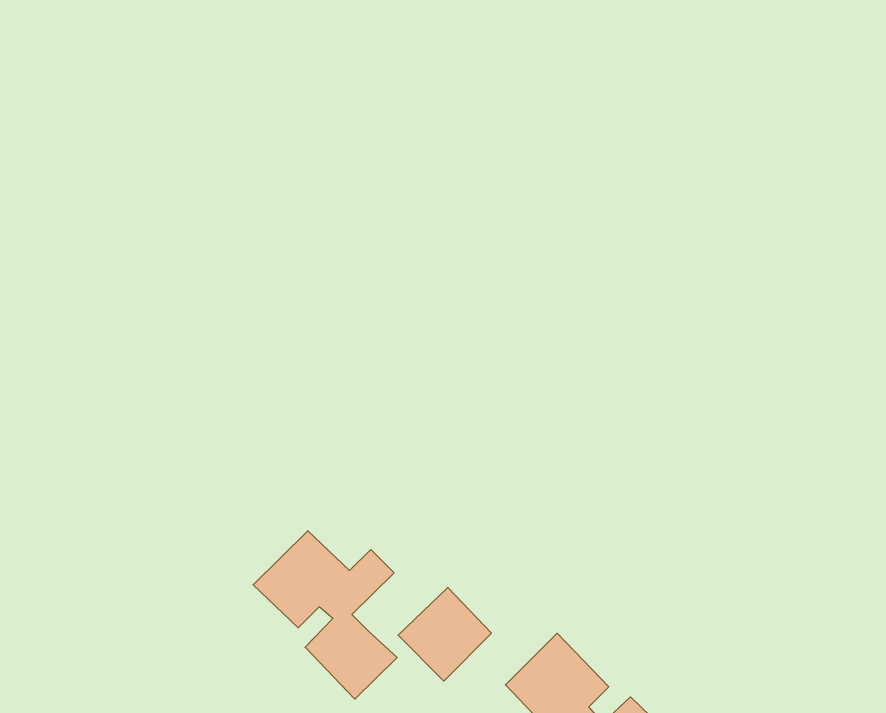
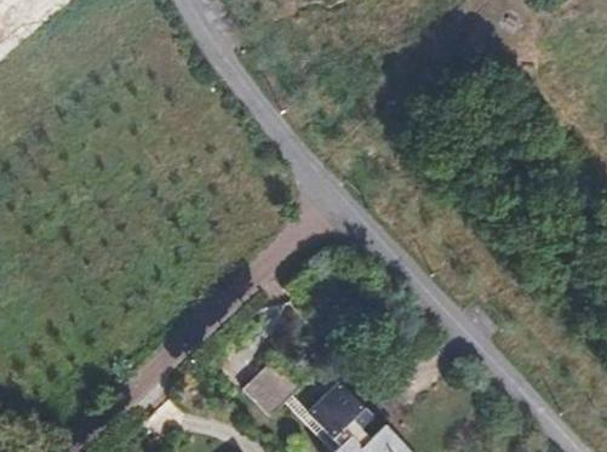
building: [253,531,397,699] -> none

